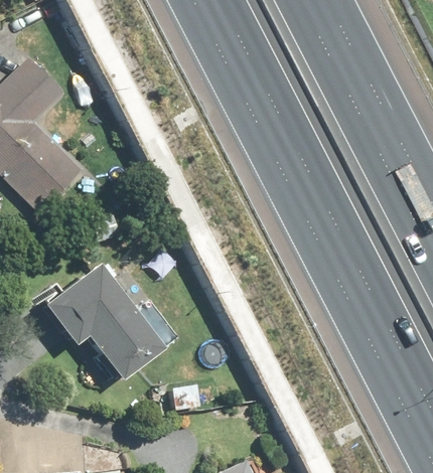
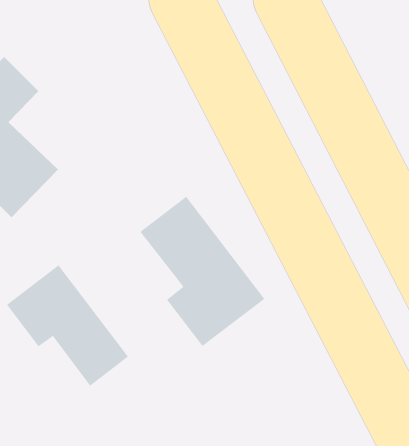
building: none -> [140,196,265,347]

